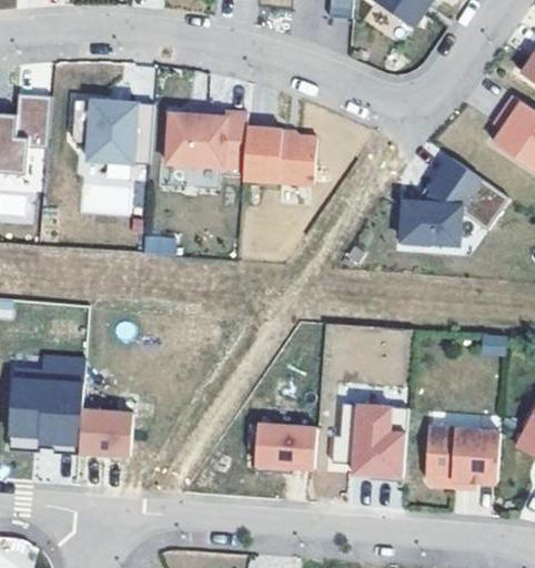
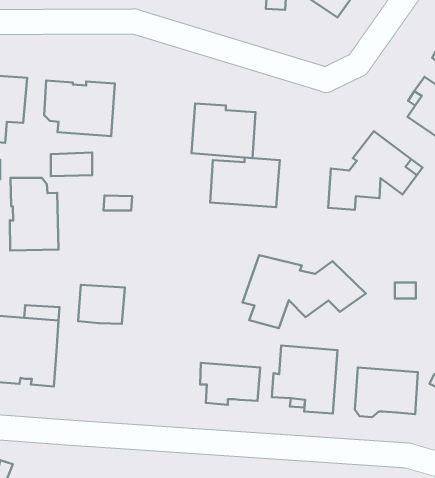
building: [164,108,245,165] -> [210,157,280,207]
building: none -> [10,178,58,251]
building: none -> [243,255,366,328]
building: [80,412,134,457] -> [78,285,125,324]

